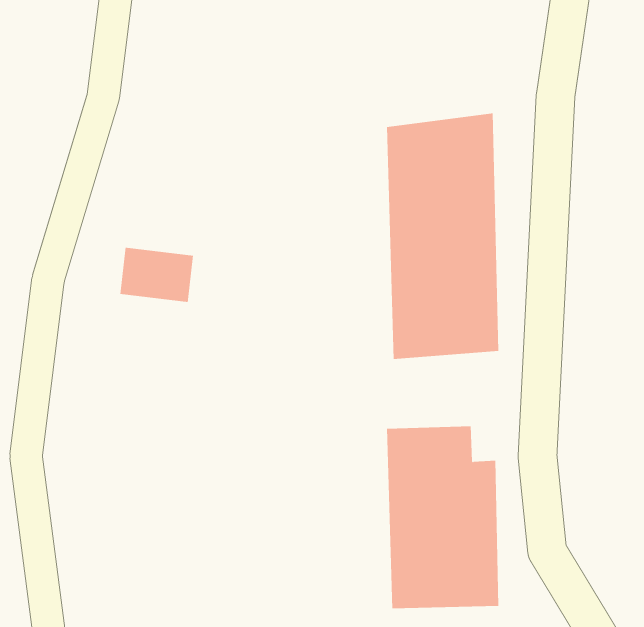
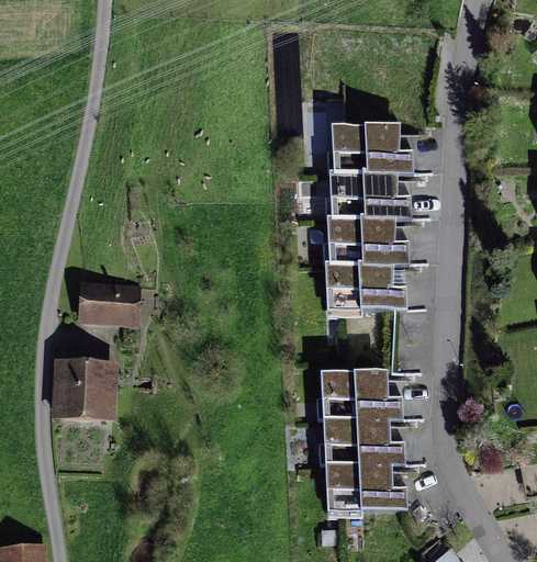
building: [119,247,194,302] -> [77,280,136,324]
building: none -> [54,358,112,422]

